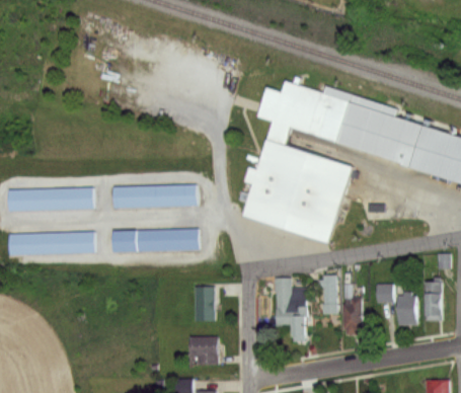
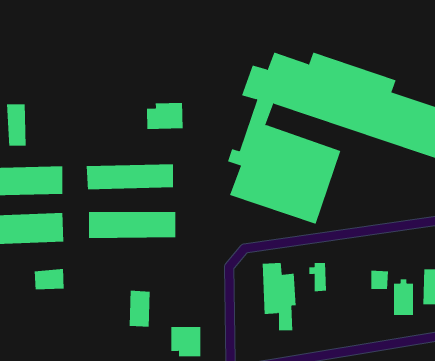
building: none -> [146,102,183,130]
building: none -> [7,103,26,146]
building: none -> [34,268,64,290]
building: [195,286,215,320] -> [129,290,150,327]
building: [342,296,362,333] -> none

